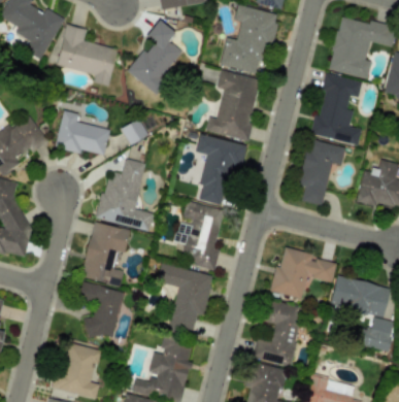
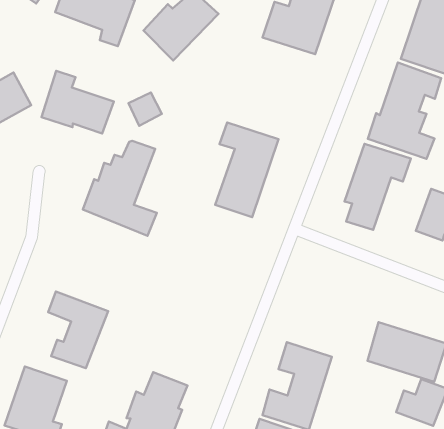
building: [206,70,261,140] -> none
building: [176,202,223,270] -> none
building: [78,220,131,286] -> none
building: [271,246,336,299] -> none
building: [157,263,213,335] -> none

